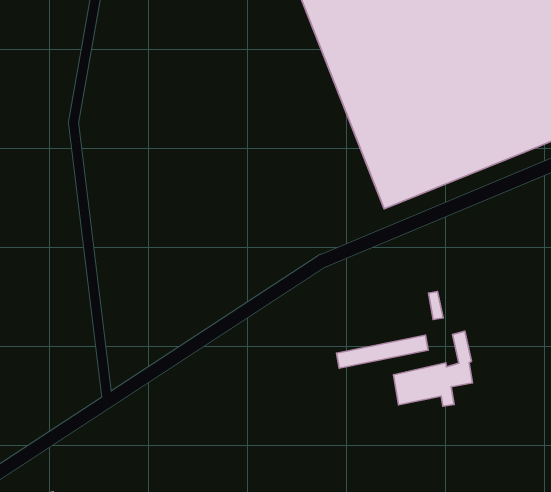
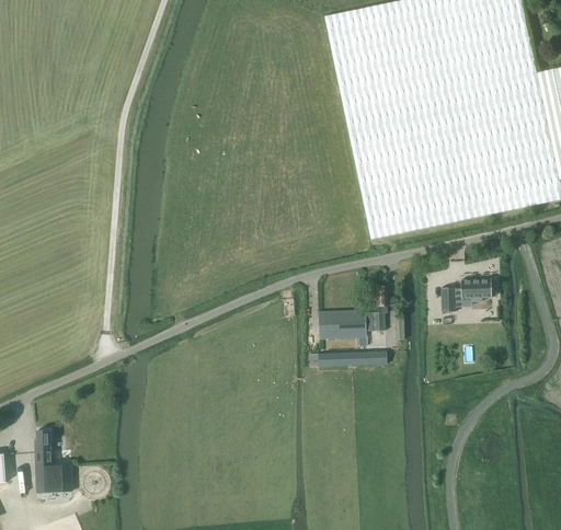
building: none -> [440,278,492,311]
building: [393,331,473,406] -> [319,286,387,346]

